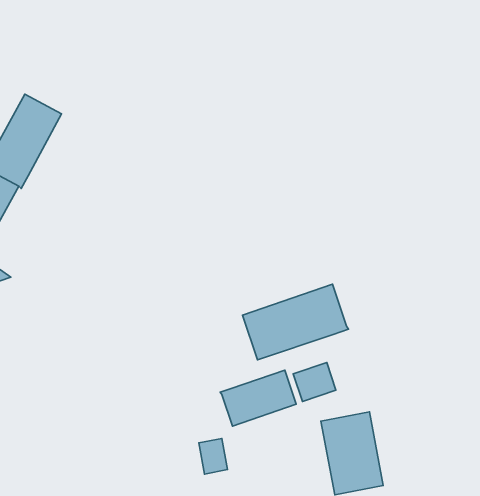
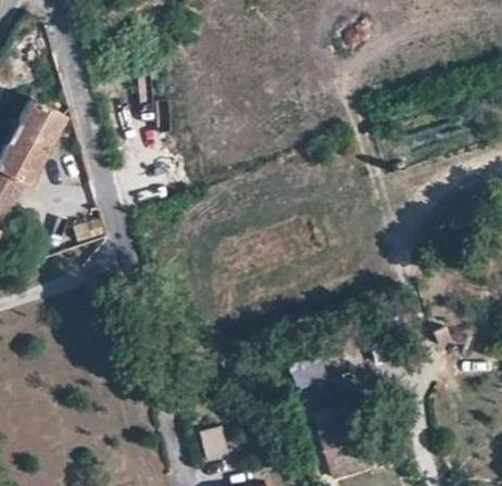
building: [243,284,349,360] -> none
building: [220,370,296,426] -> none

